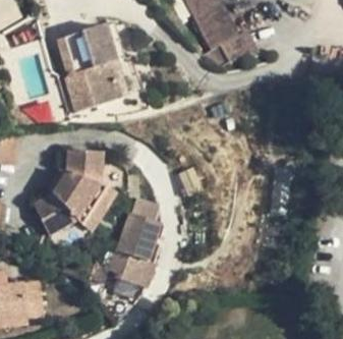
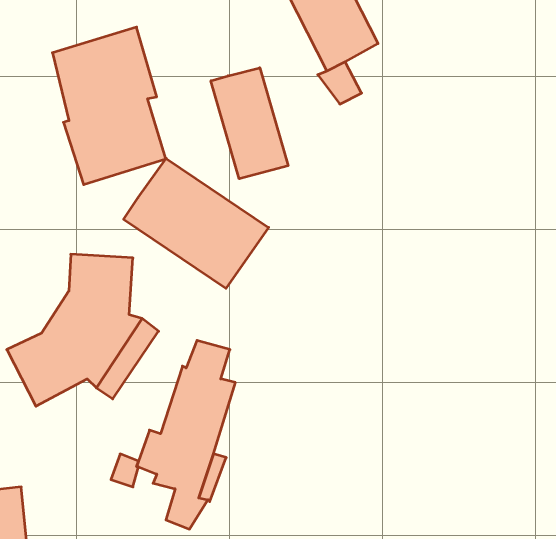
building: none -> [211,68,288,179]
building: none -> [124,158,269,288]

